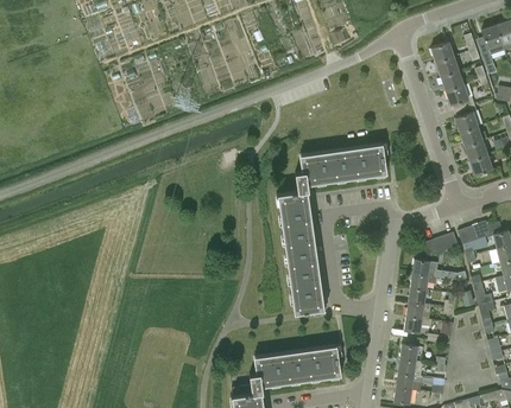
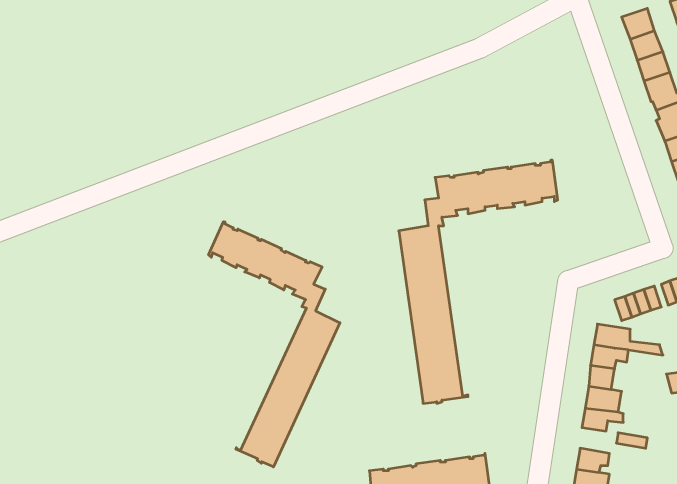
building: none -> [209,222,340,467]

